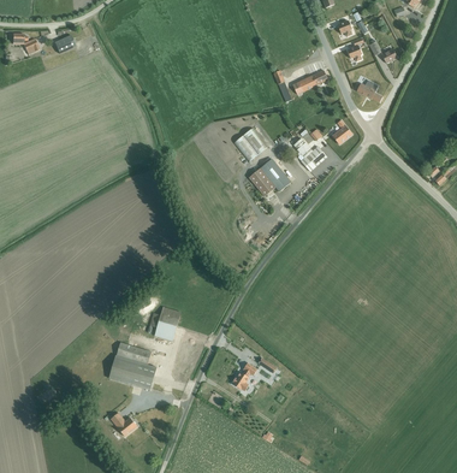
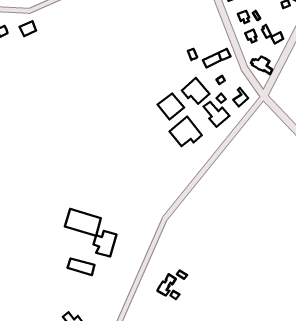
building: none -> [182,78,209,104]
building: [109,354,156,389] -> [65,209,101,236]

